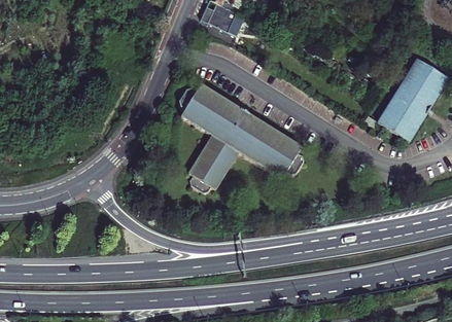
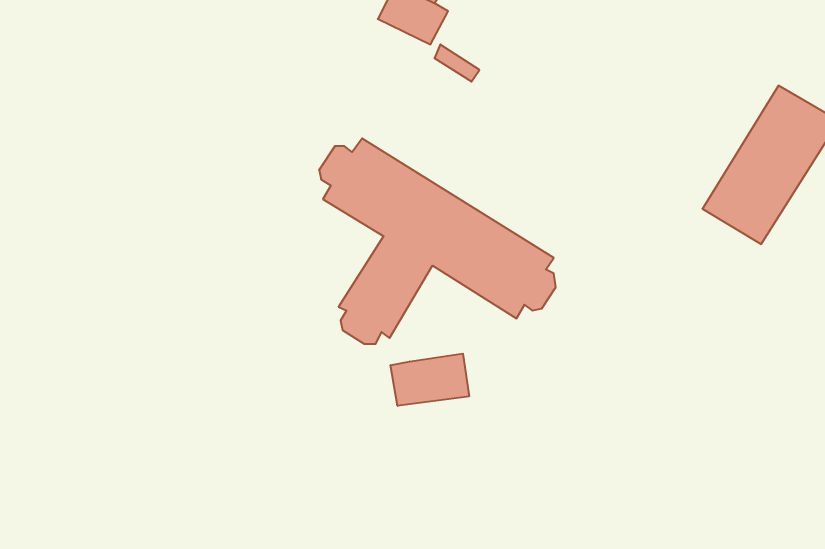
building: none -> [391,354,469,406]

